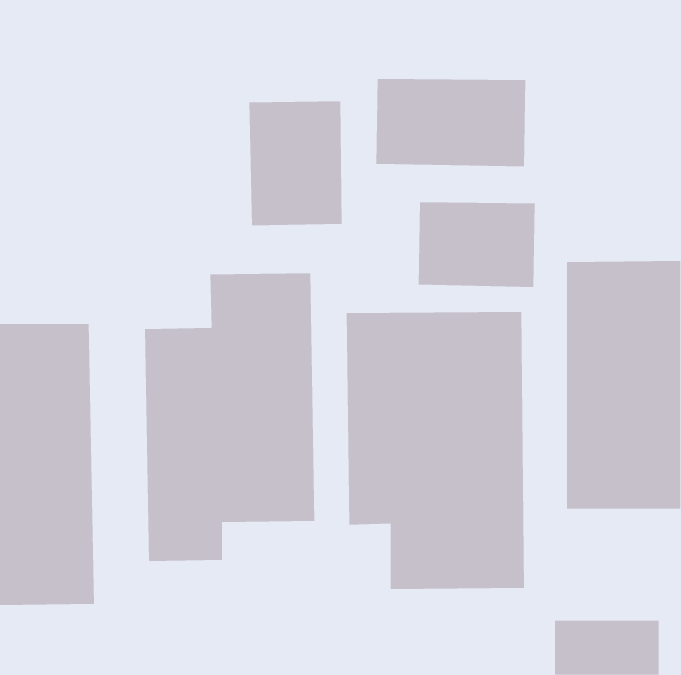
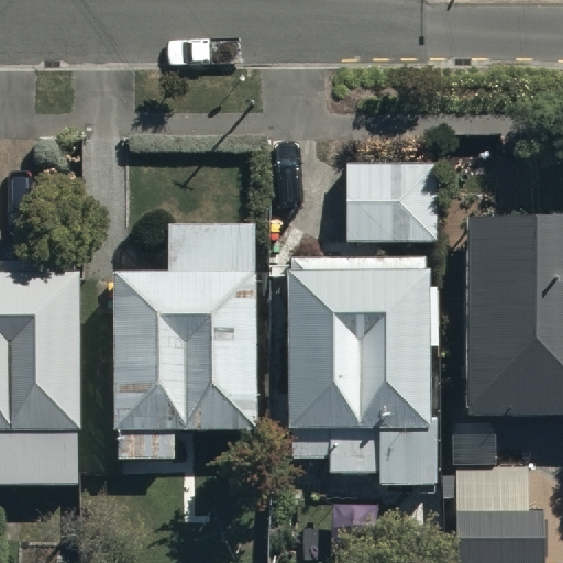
building: [376,78,526,167] -> none
building: [249,100,342,226] -> none

